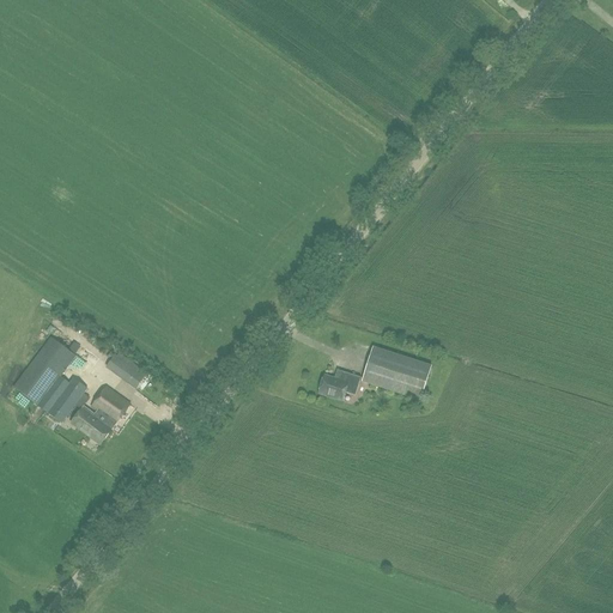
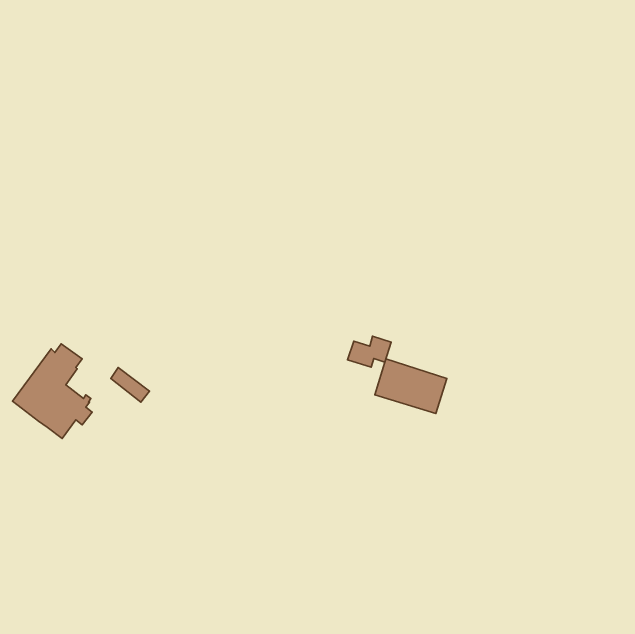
building: [317,369,359,399] -> [348,336,391,367]
building: [69,386,129,443] -> none

